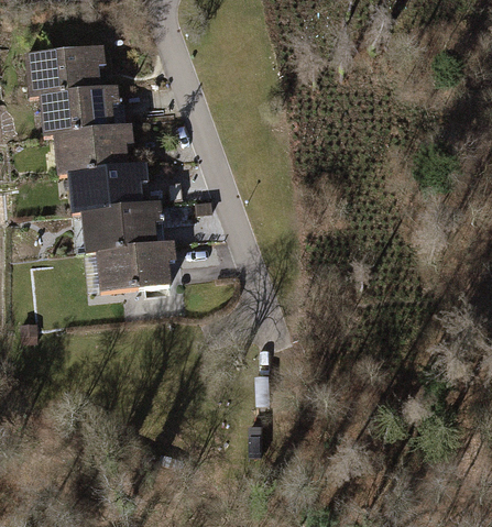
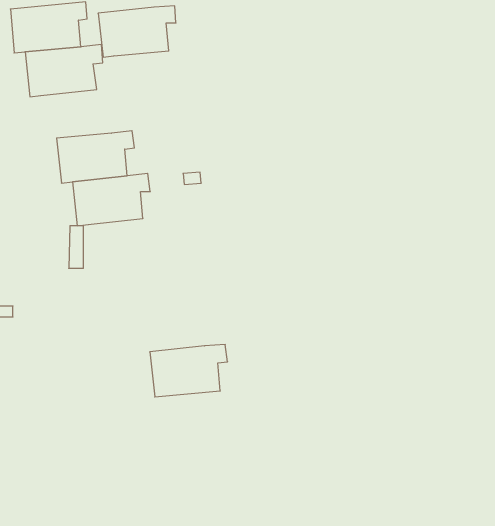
building: [61,124,131,171] -> [98,6,176,57]
building: [103,241,174,288] -> [150,345,228,397]

